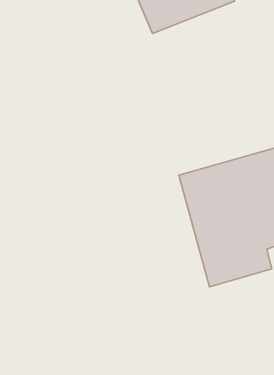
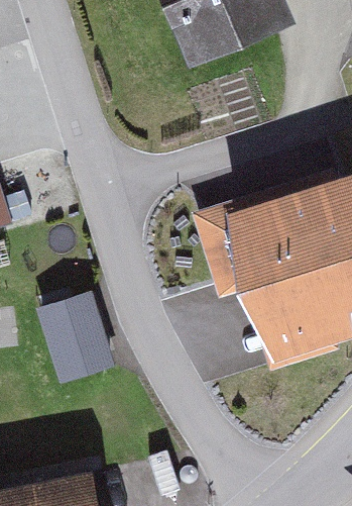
building: none -> [40,292,122,393]

